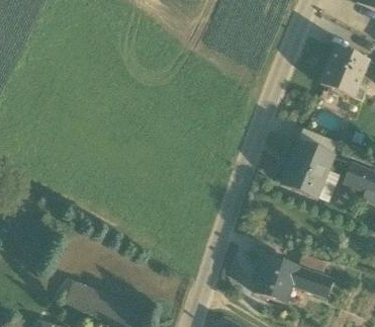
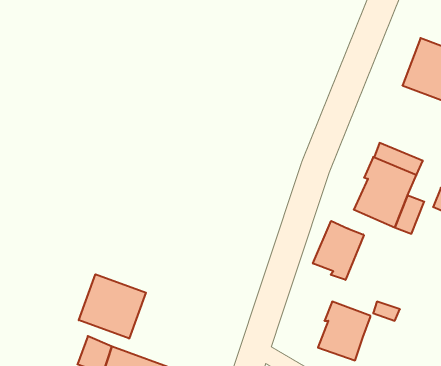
building: none -> [313,221,364,280]
building: none -> [79,274,146,339]
building: [289,266,331,295] -> none

